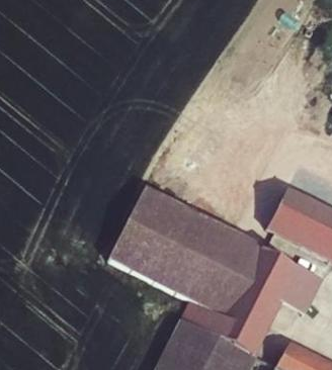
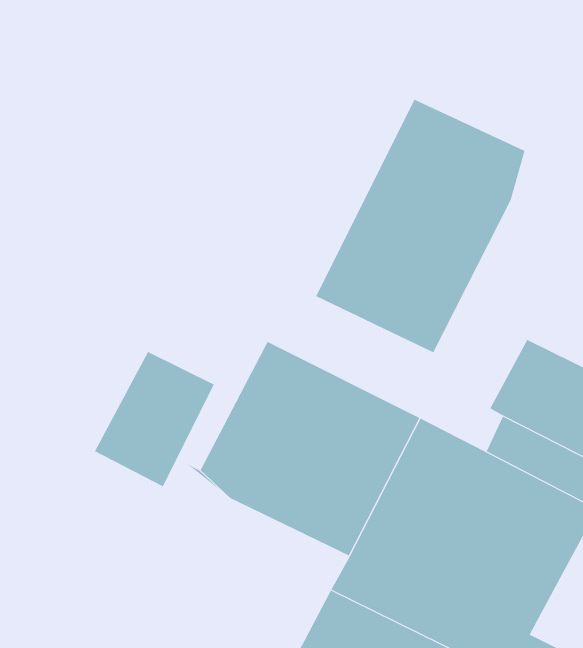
building: none -> [315,99,525,353]
building: none -> [94,351,215,487]

